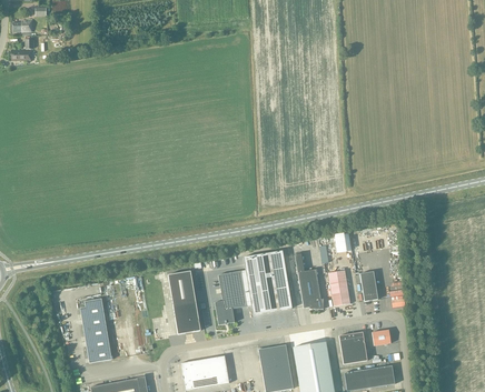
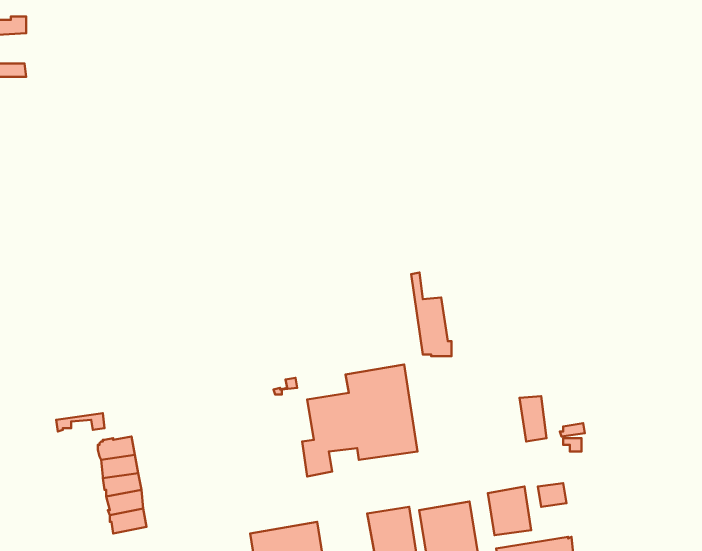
building: [297,252,324,308] -> [411,273,451,356]
building: [169,270,201,333] -> none
building: [329,270,350,305] -> none

